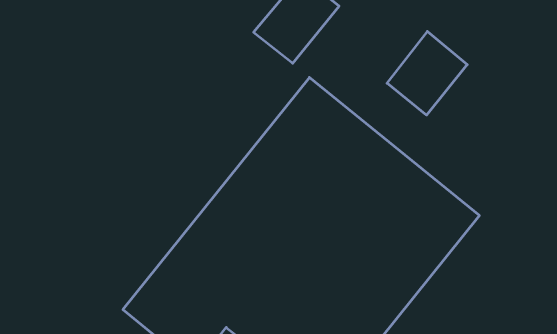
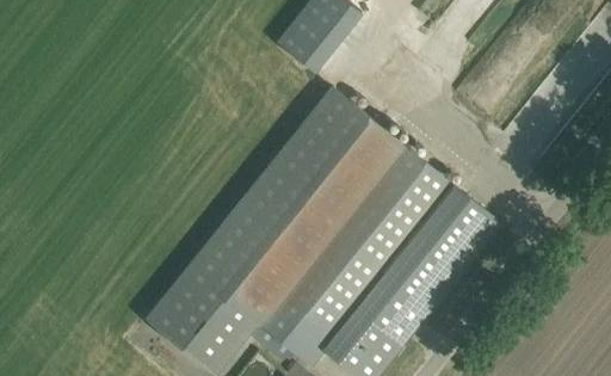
building: [387,31,467,115] -> none

